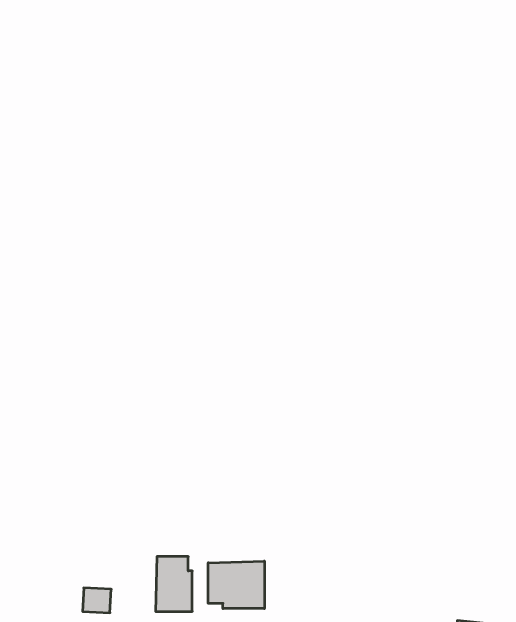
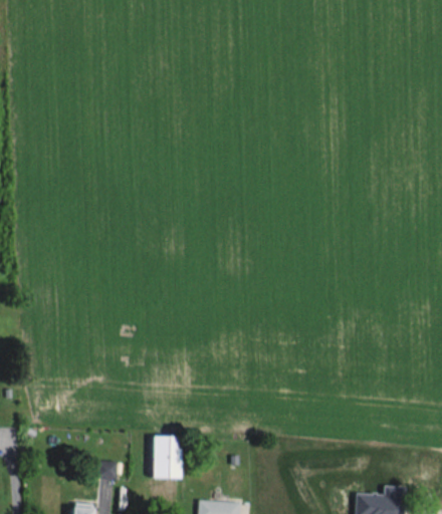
building: [208,561,264,609] -> none

